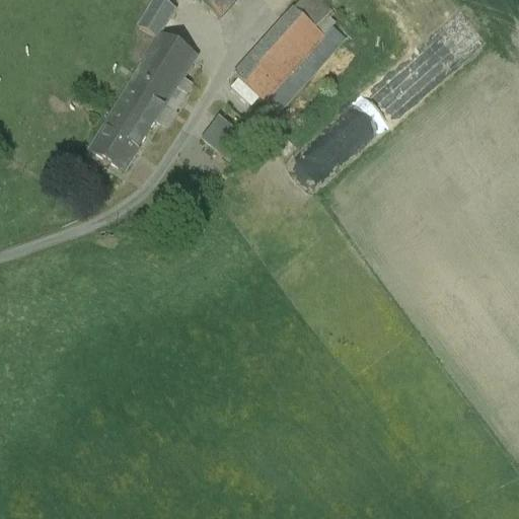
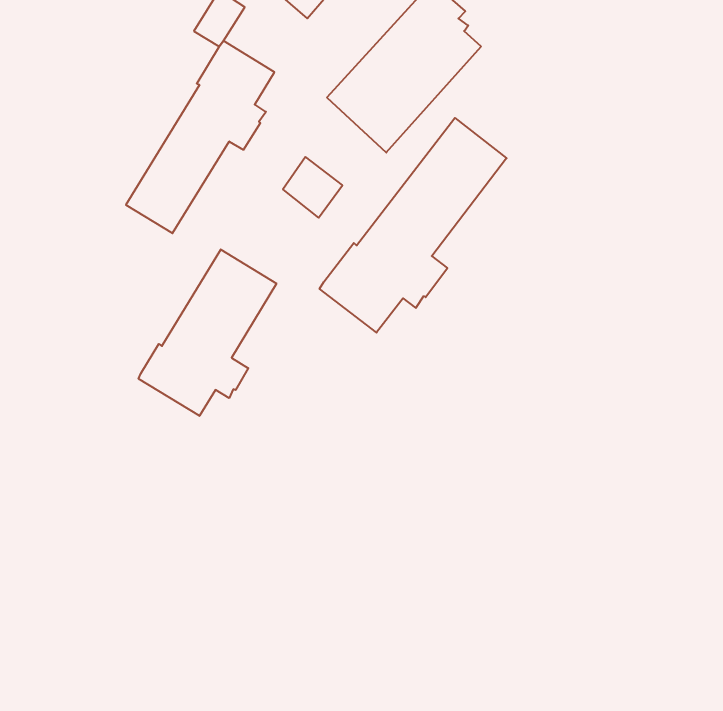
building: none -> [320,118,507,333]
building: none -> [139,249,276,416]

